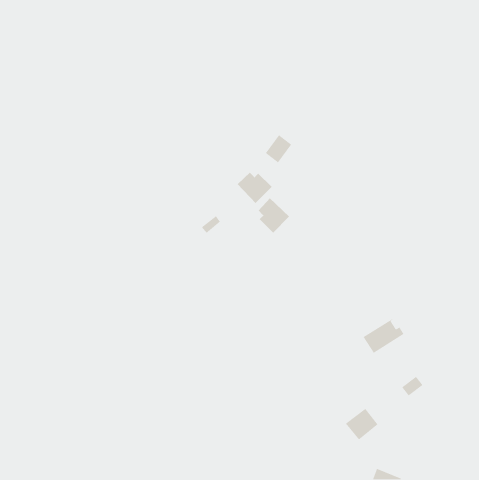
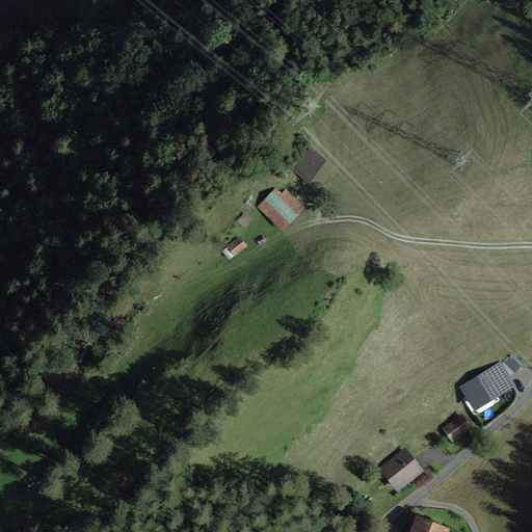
building: [258,197,290,233] -> none
building: [362,317,405,354] -> [462,365,509,405]

